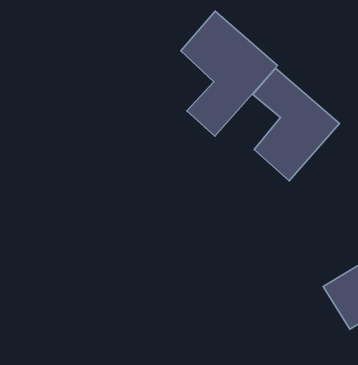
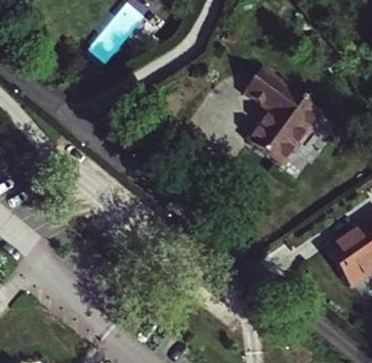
building: [181,11,277,136] -> none

